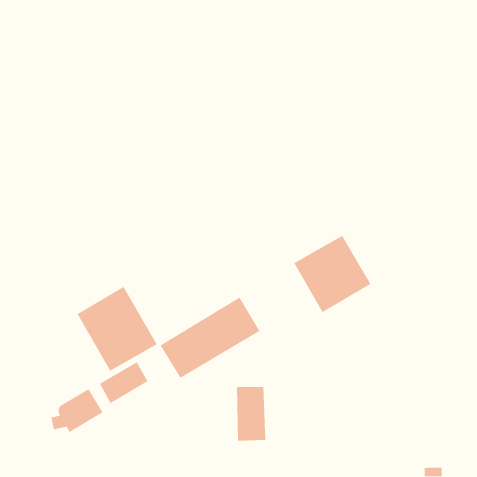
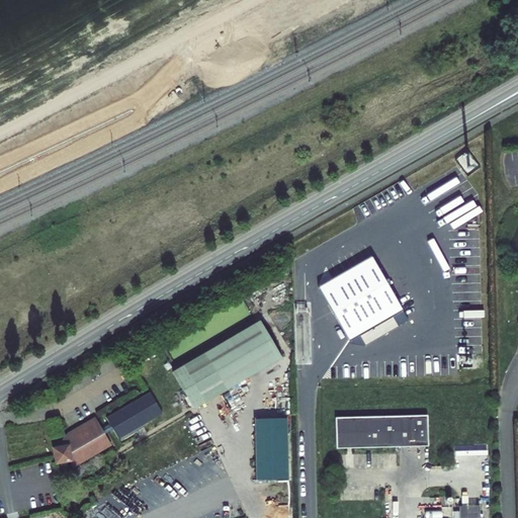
building: [77,286,158,372] -> none
building: none -> [335,414,428,447]

